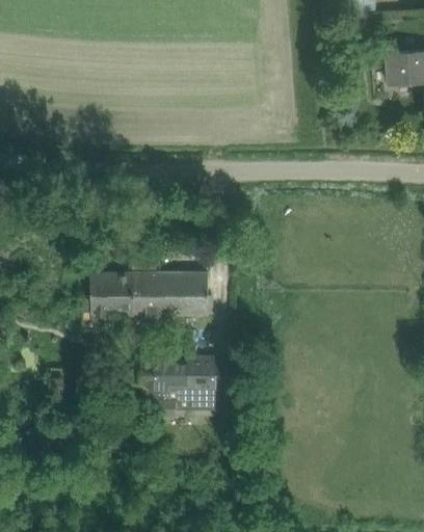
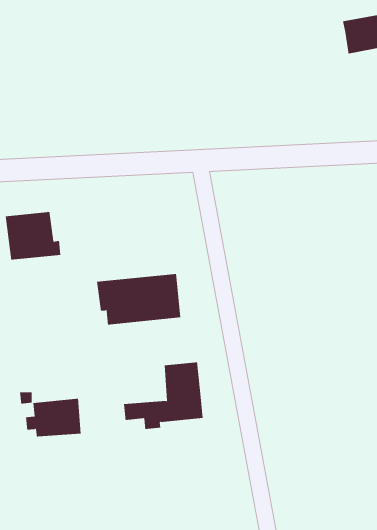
building: [89,273,138,315] -> [5,211,61,260]
building: [135,357,187,391] -> [25,398,81,437]

